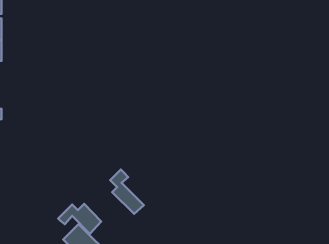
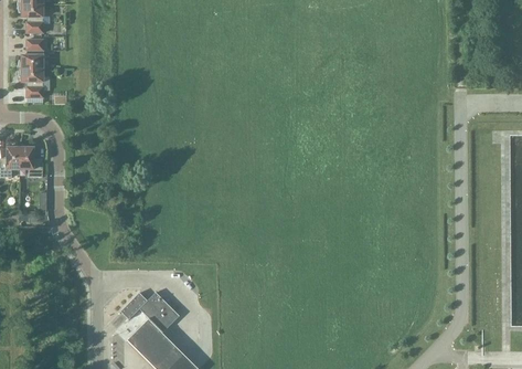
building: [110,169,144,214] -> none

